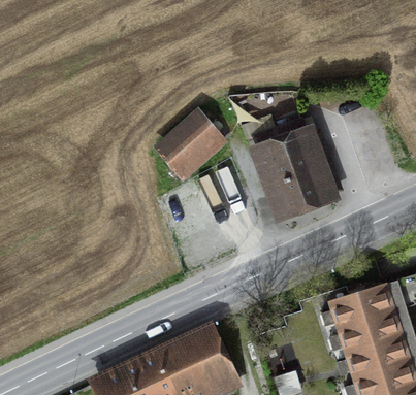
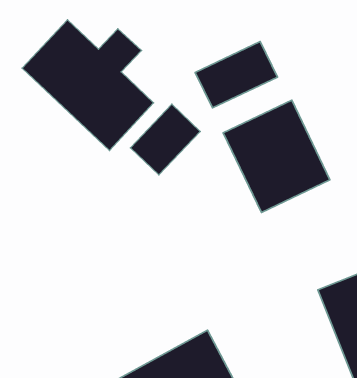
building: none -> [22,20,154,150]
building: none -> [195,42,278,108]

